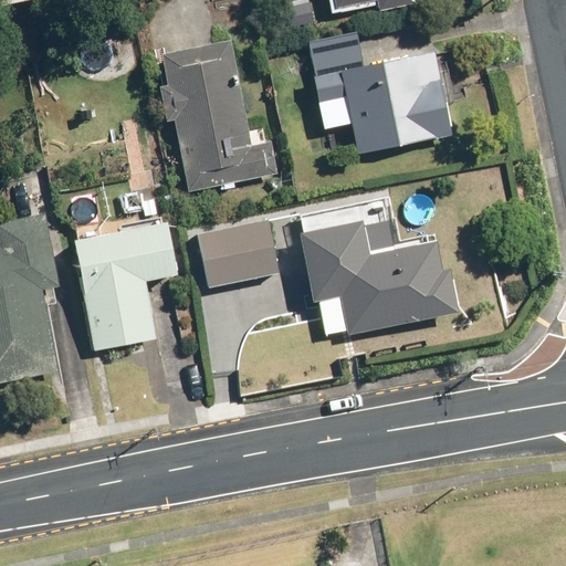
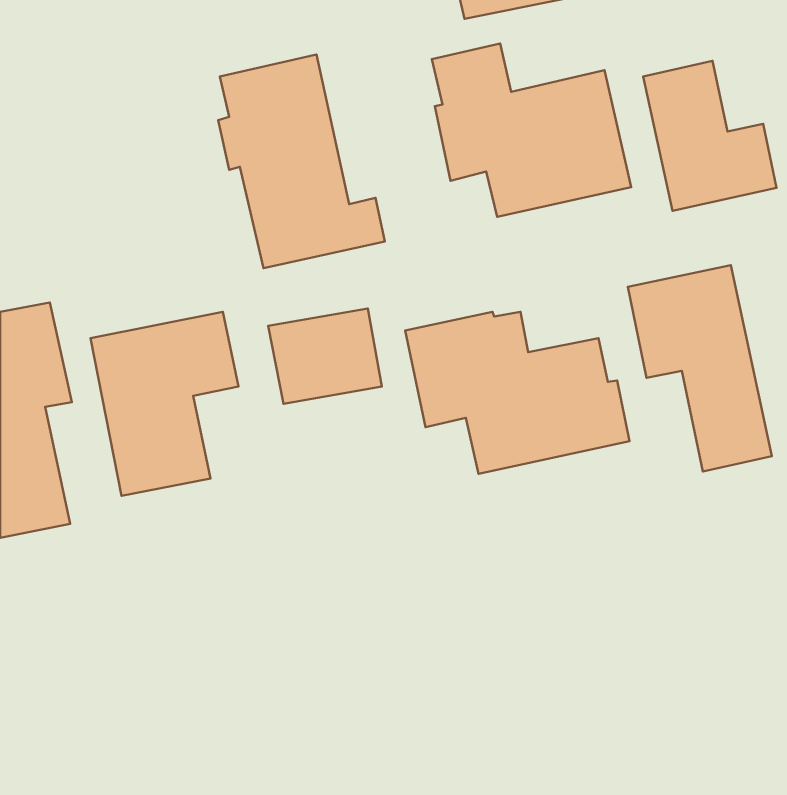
building: none -> [643,61,777,211]
building: none -> [628,265,772,472]

